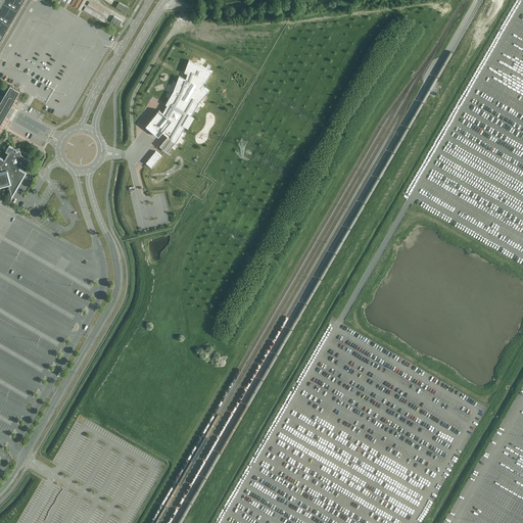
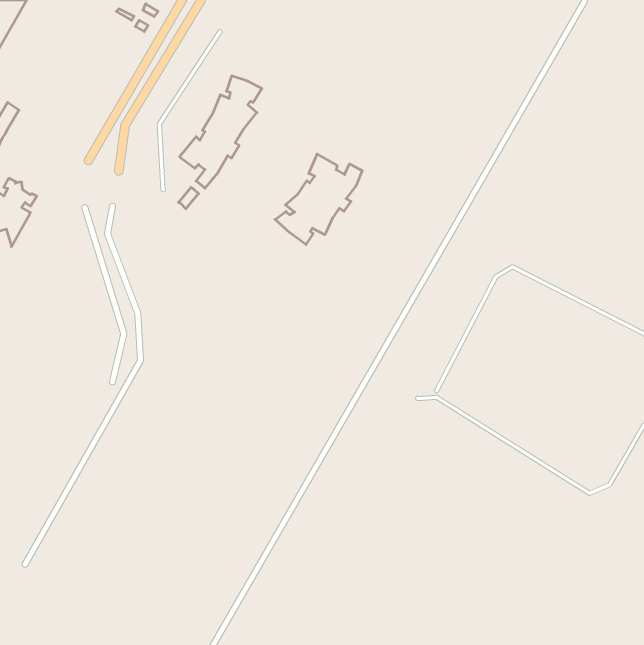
building: none -> [275,154,362,245]

